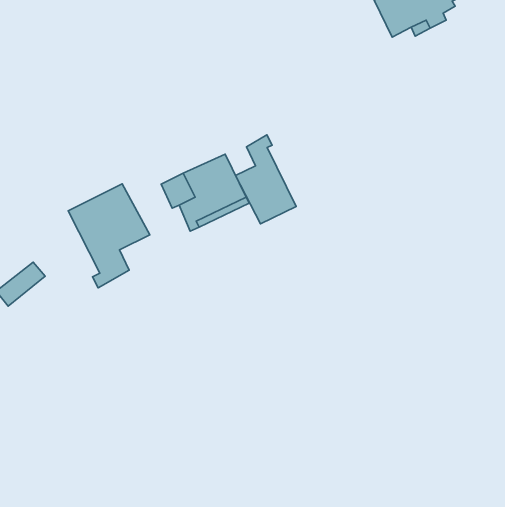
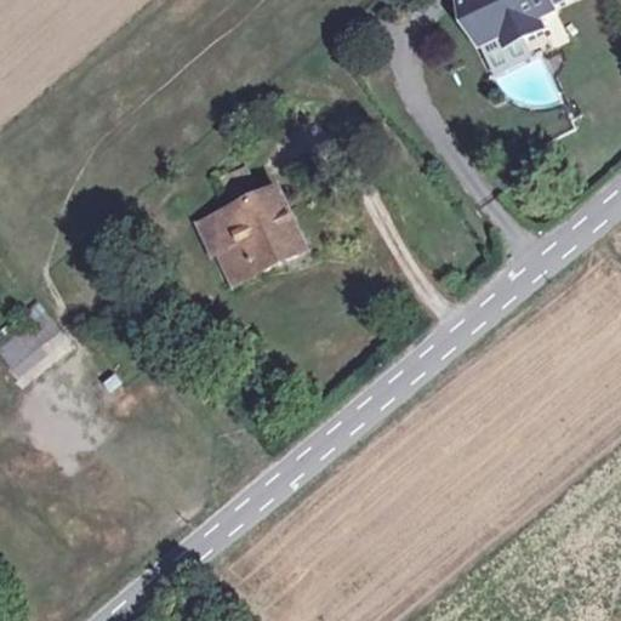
building: [235,135,296,224] -> none
building: [68,184,150,288] -> none

